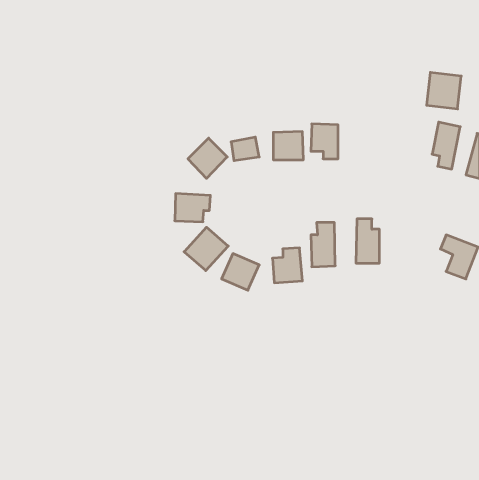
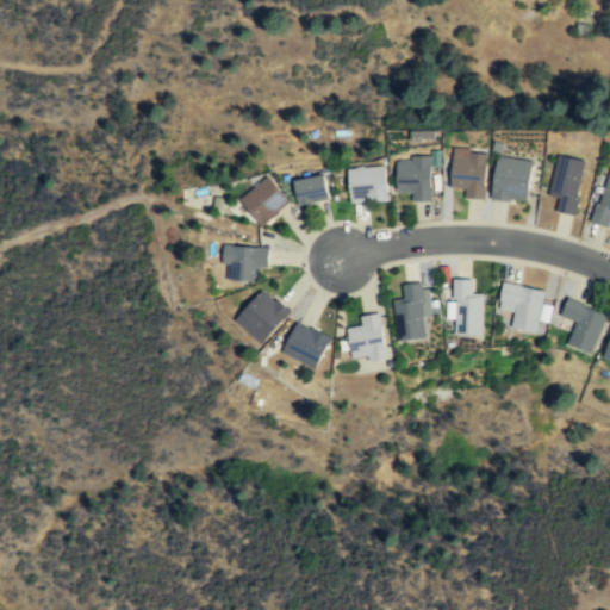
building: [427,72,461,109] -> [492,156,536,203]
building: none -> [450,149,486,199]
building: none -> [498,281,544,331]

